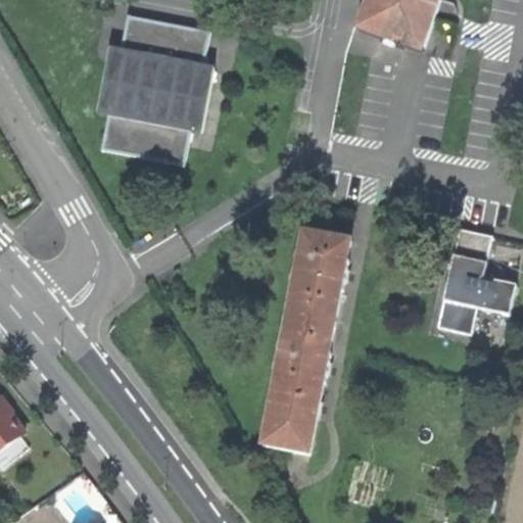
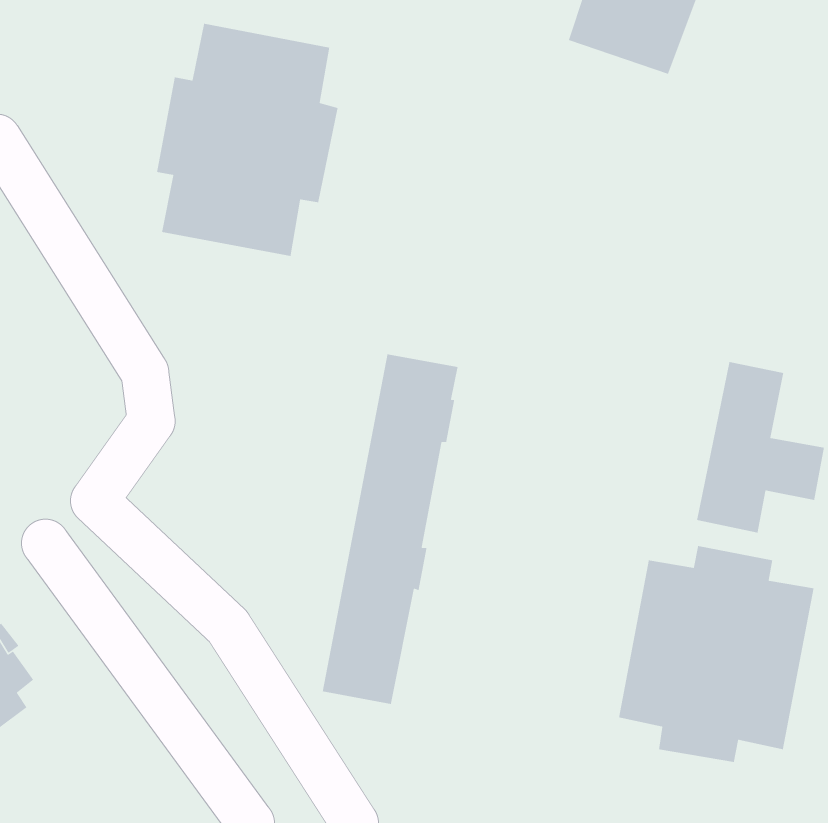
building: [263,230,348,450] -> [322,354,458,705]
building: none -> [618,545,815,763]

